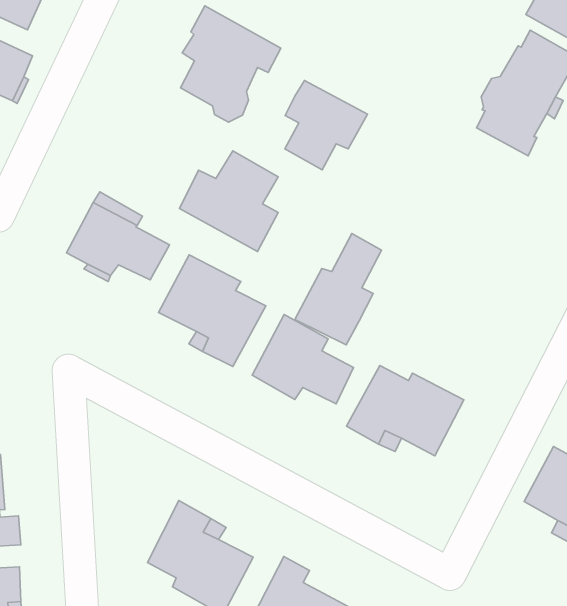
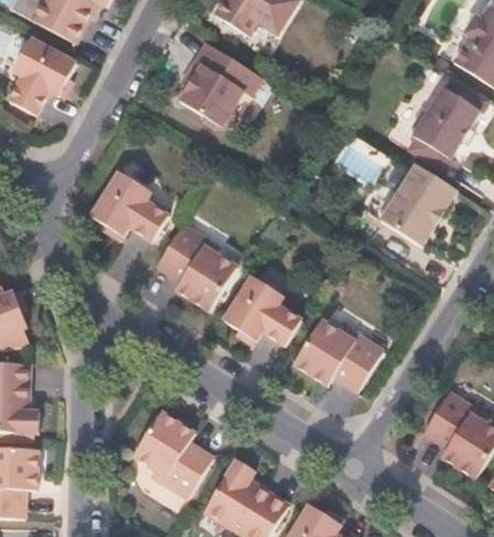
building: [285,81,367,170] -> none
building: none -> [380,160,458,242]
building: [180,151,278,251] -> none
building: [295,234,382,345] -> none

